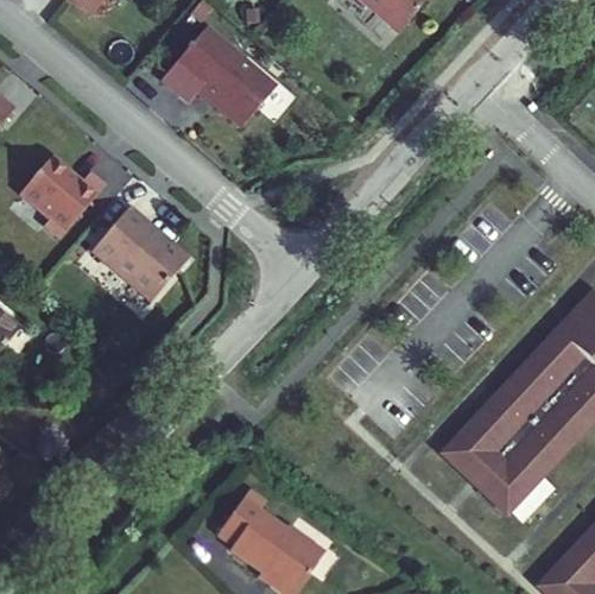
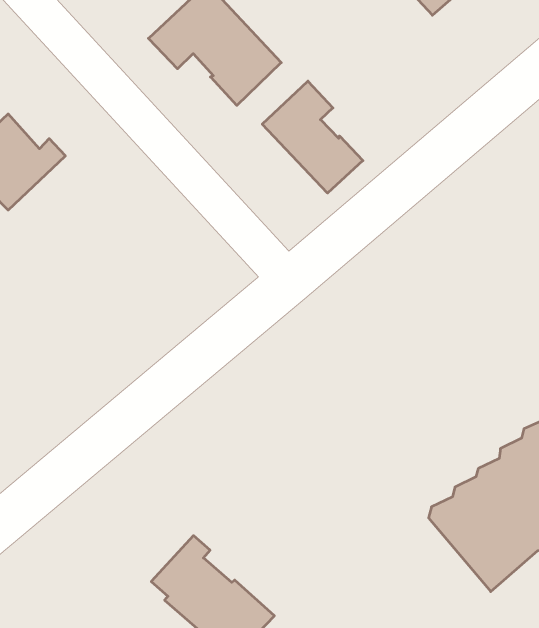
building: none -> [262,81,363,193]
building: [93,207,189,301] -> none

